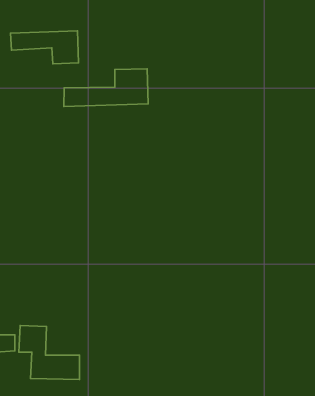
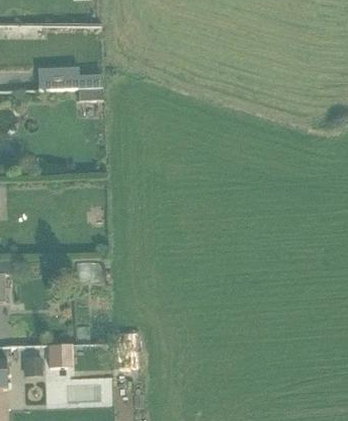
building: [64,69,148,107] -> none

